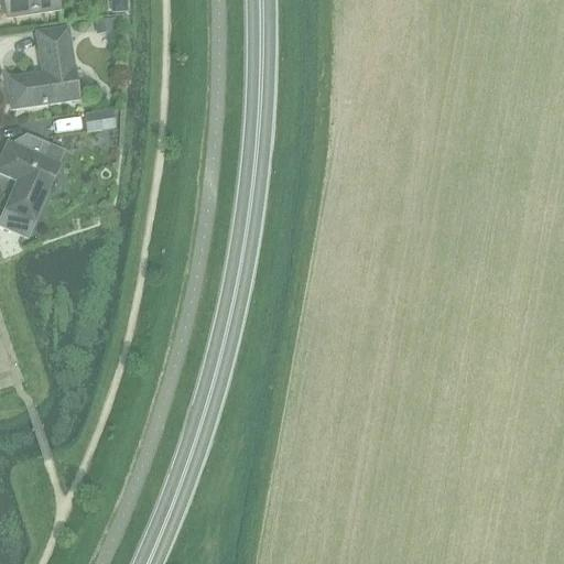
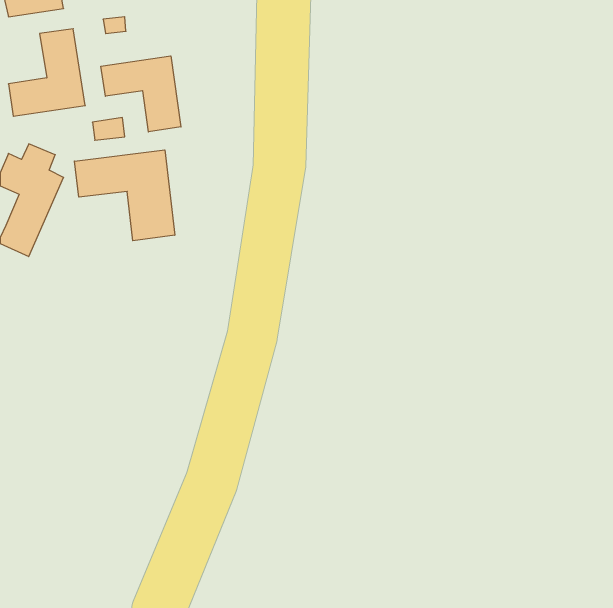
building: none -> [101,56,181,132]
building: none -> [74,150,175,241]

